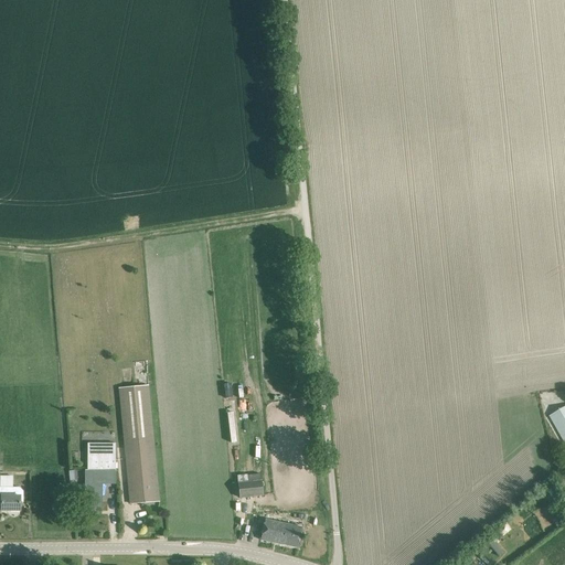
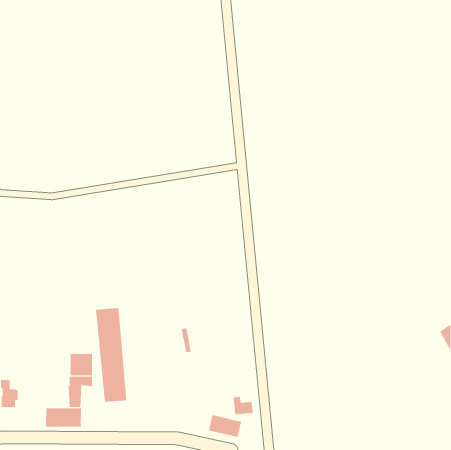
building: [237,472,264,495] -> [233,396,254,415]
building: none -> [46,408,81,427]

